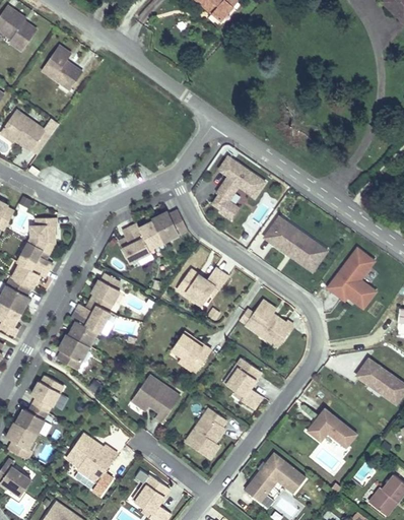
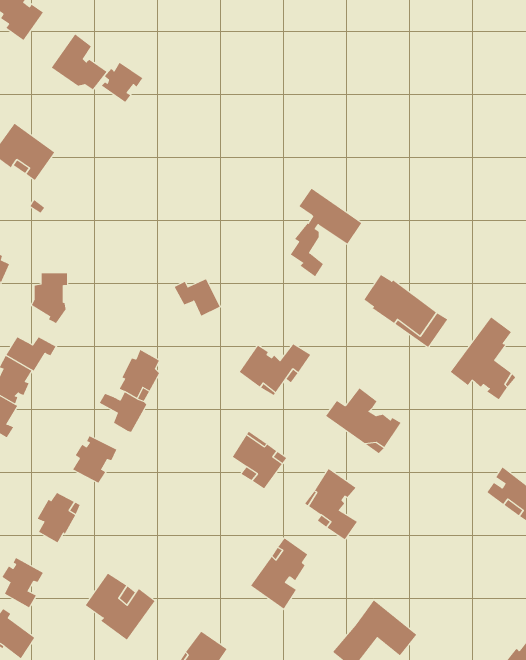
building: none -> [101,62,143,103]
building: [154,210,189,242] -> none
building: [123,228,152,262] -> none
building: [16,241,51,270] -> none
building: [70,311,97,344] -> none
building: [132,375,181,421] -> none
building: [17,403,48,433] -> none
building: [308,408,357,448] -> none

